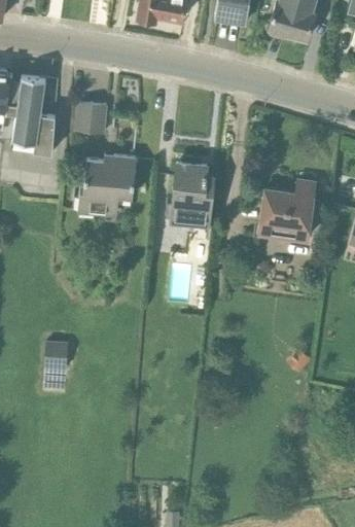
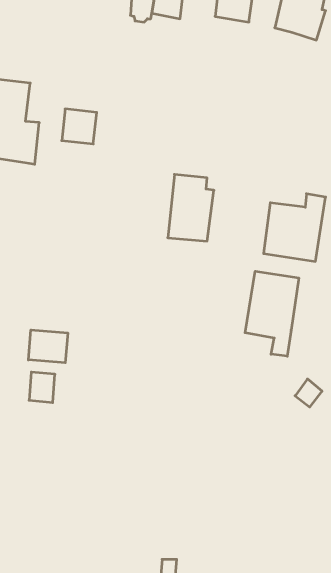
building: [78,155,137,217] -> none
building: none -> [245,271,299,356]
building: none -> [28,330,68,363]

